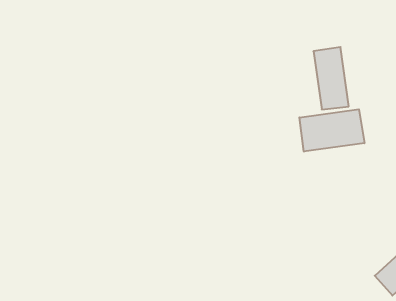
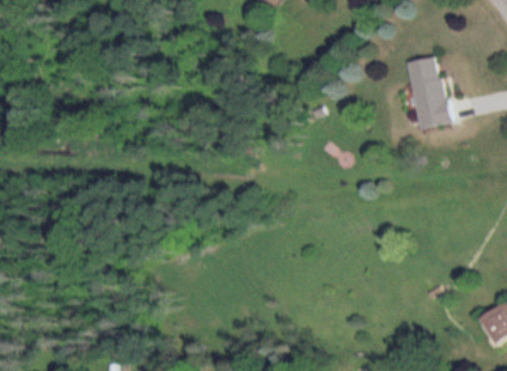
building: [299,109,364,152] -> none

